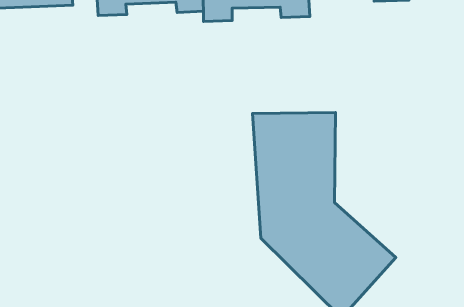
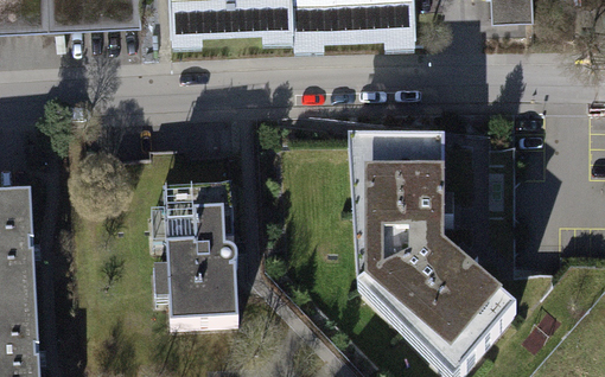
building: none -> [163,192,236,331]

